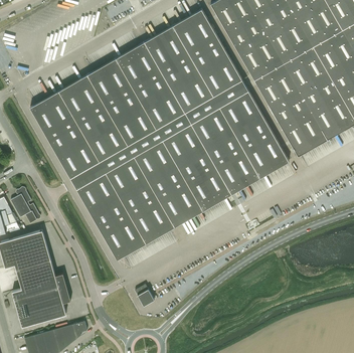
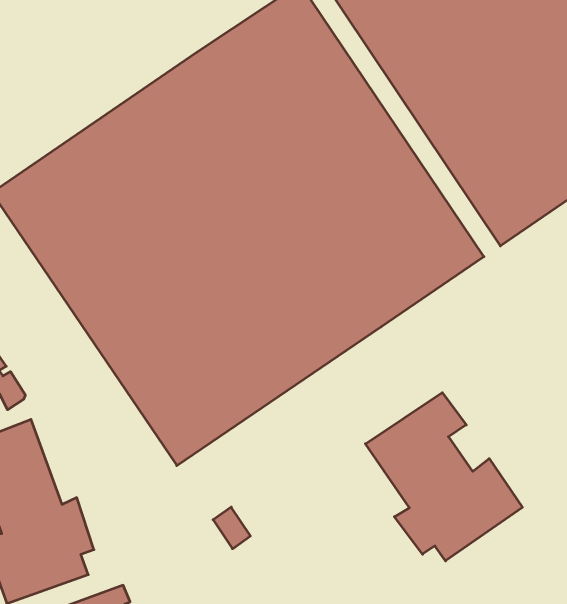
building: none -> [365,393,522,561]

